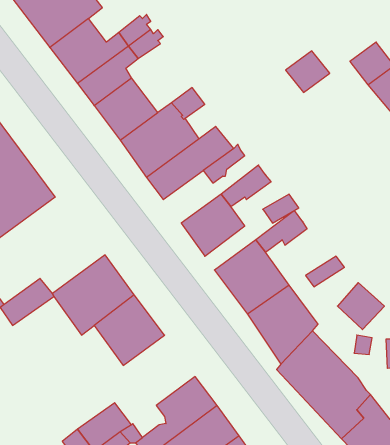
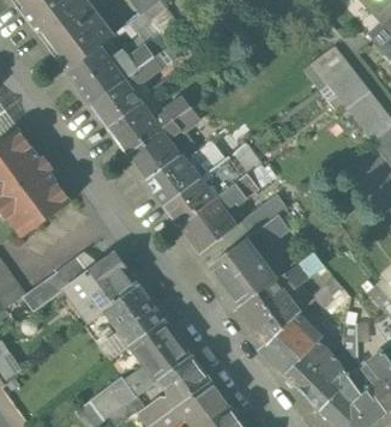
building: [286,51,330,92] -> [311,46,349,82]
building: none -> [164,176,215,222]
building: none -> [130,319,192,389]

